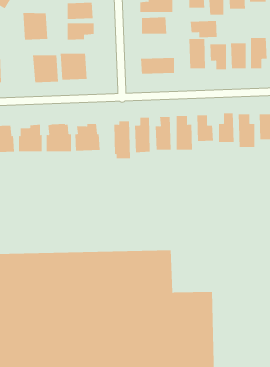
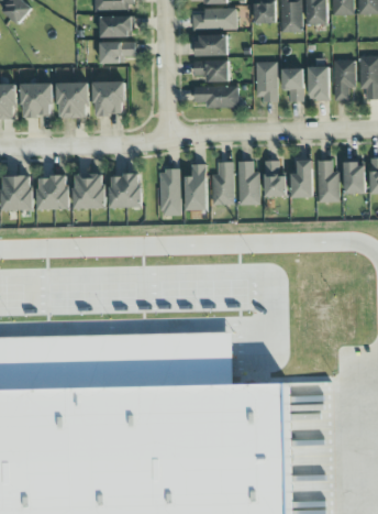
building: [22,12,48,40] -> [20,83,53,118]
building: [190,21,218,38] -> [193,62,229,84]

